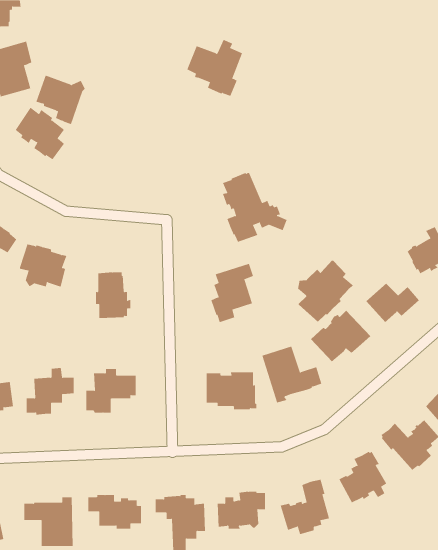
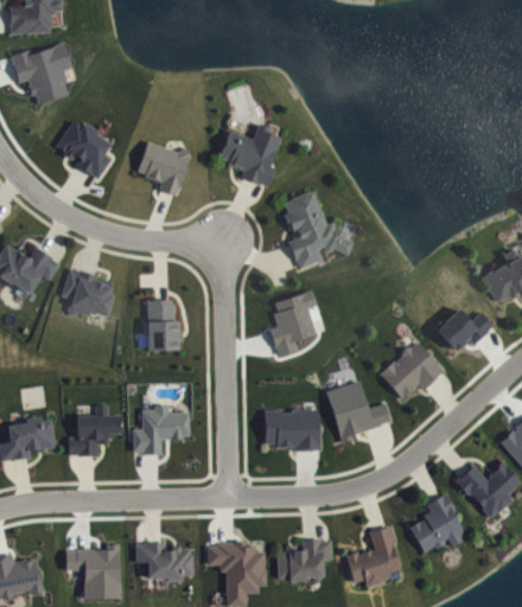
building: [186,39,243,97] -> [218,123,280,186]
building: [36,75,85,125] -> [136,141,191,196]
building: [298,260,354,323] -> none

